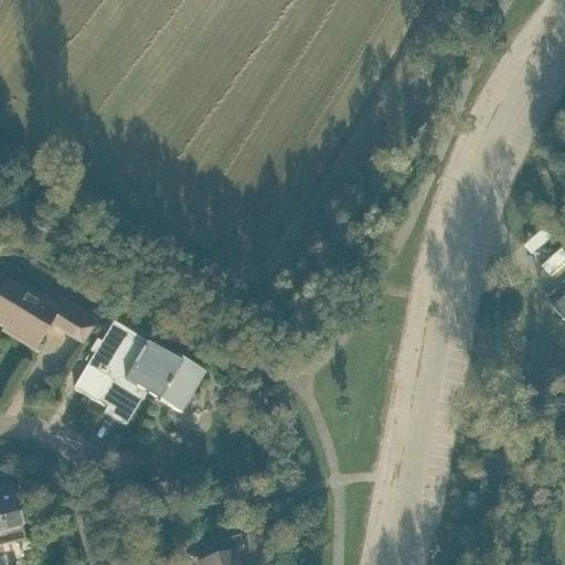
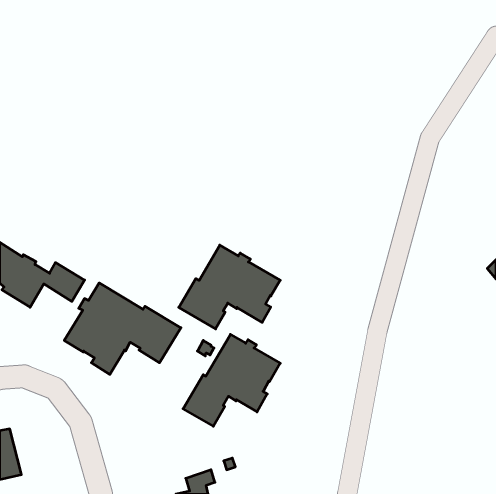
building: none -> [179,245,280,329]
building: none -> [183,334,280,426]

